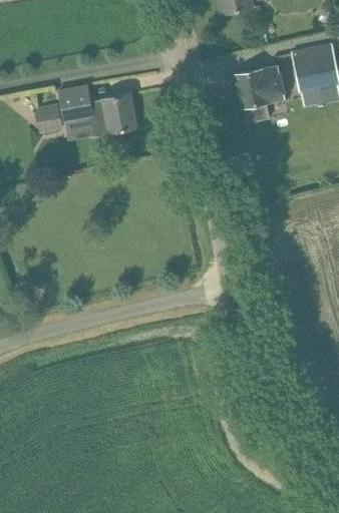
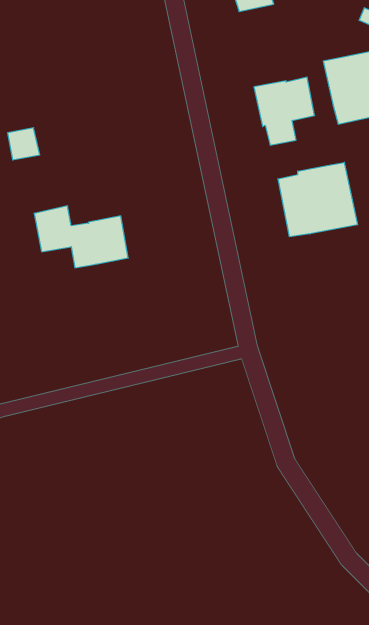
building: [59,85,135,135] -> [34,206,128,268]
building: none -> [278,162,358,237]

